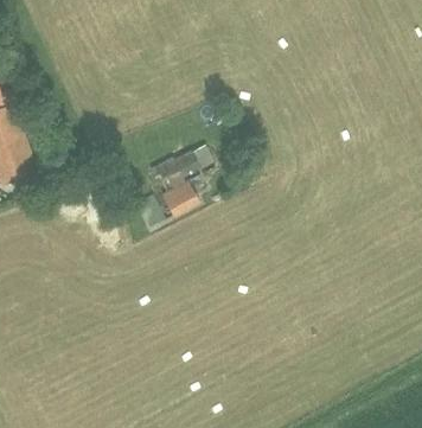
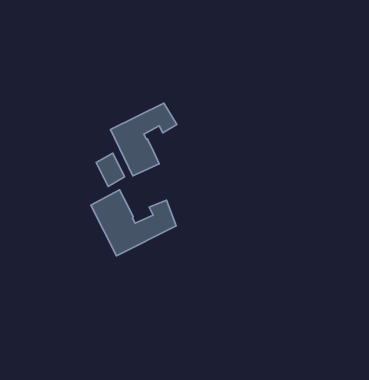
building: none -> [91,190,176,256]

